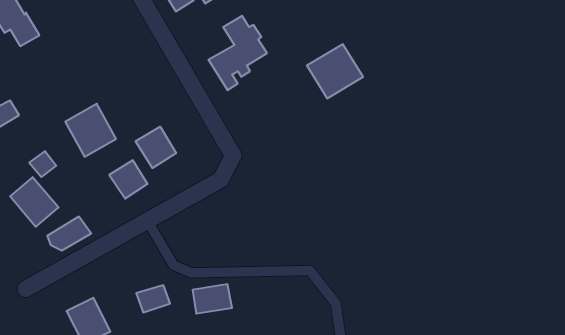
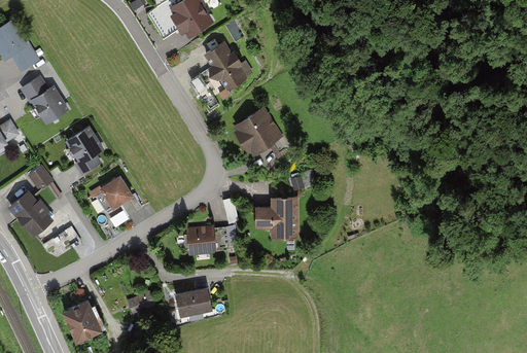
building: [307,44,363,98] -> [233,107,284,156]
building: none -> [22,78,67,122]
building: [136,127,176,168] -> none
building: none -> [257,199,300,241]
building: none -> [188,226,229,257]

